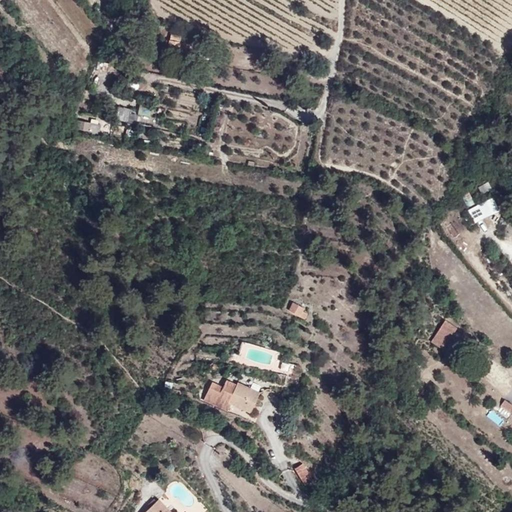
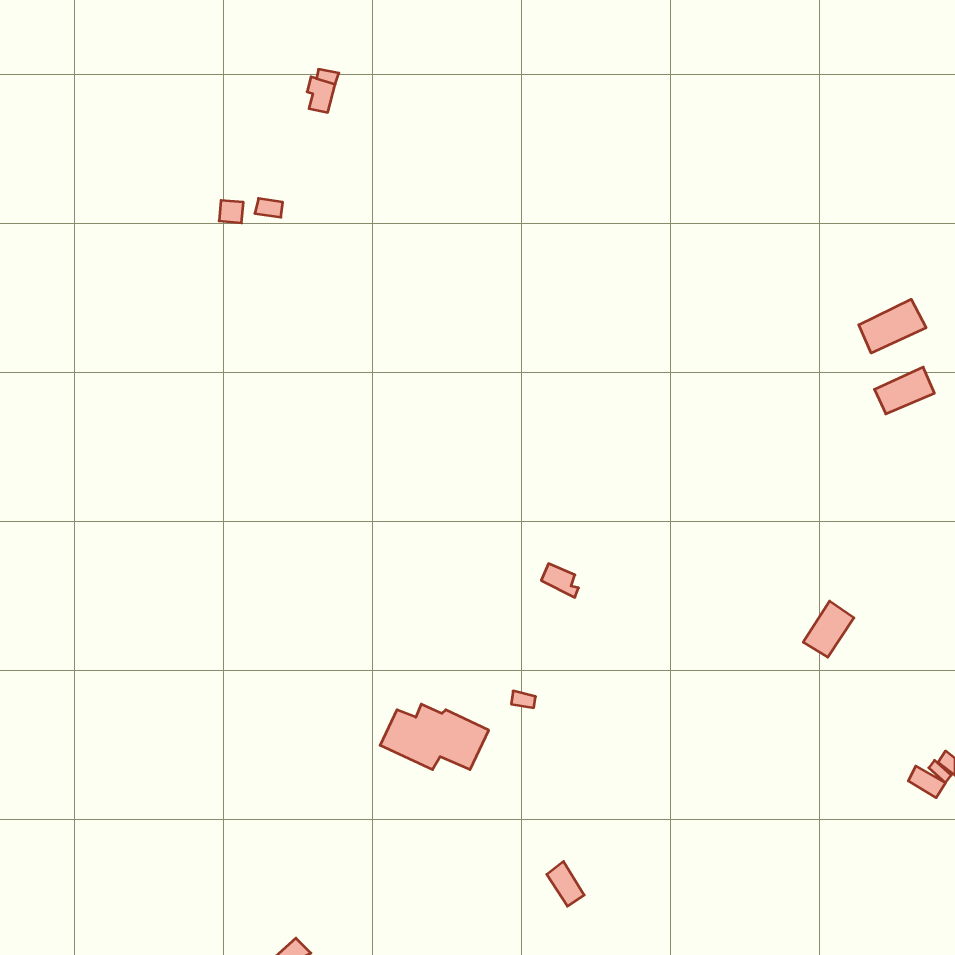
building: none -> [859,299,926,353]

